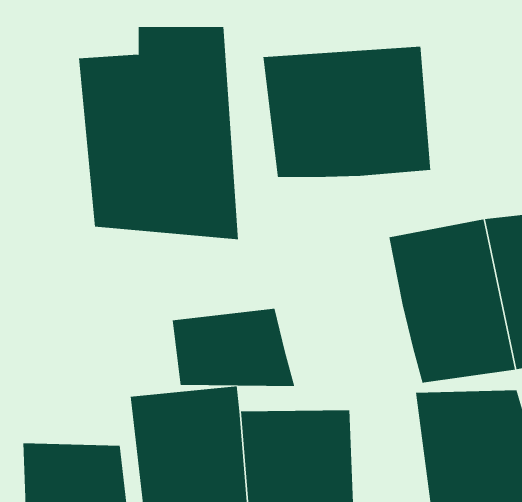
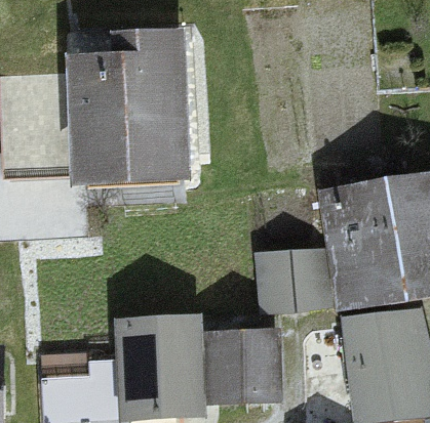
building: [263,46,431,178] -> none
building: [172,308,295,387] -> [247,246,343,306]

